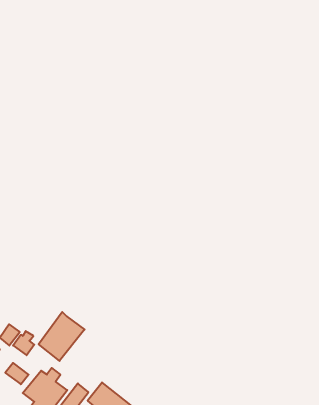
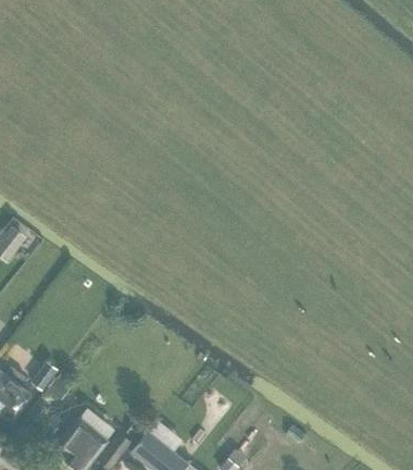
building: [39,312,85,361] -> none

